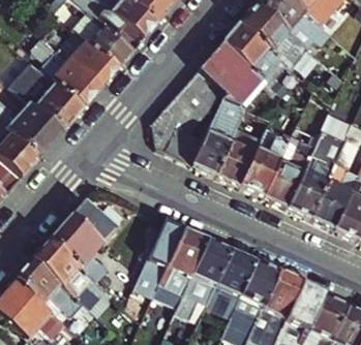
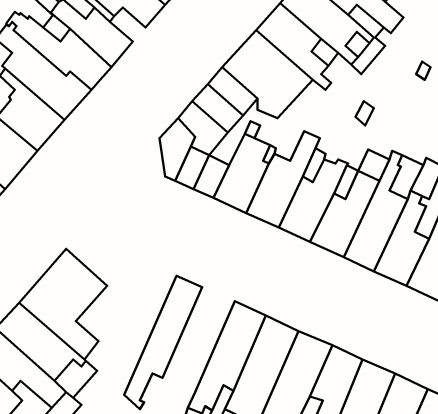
building: [154,228,207,305] -> none

